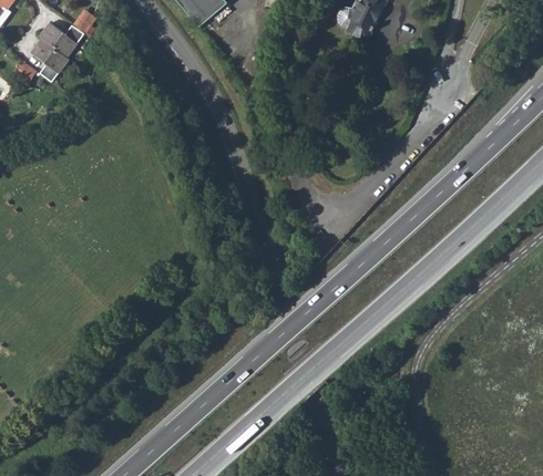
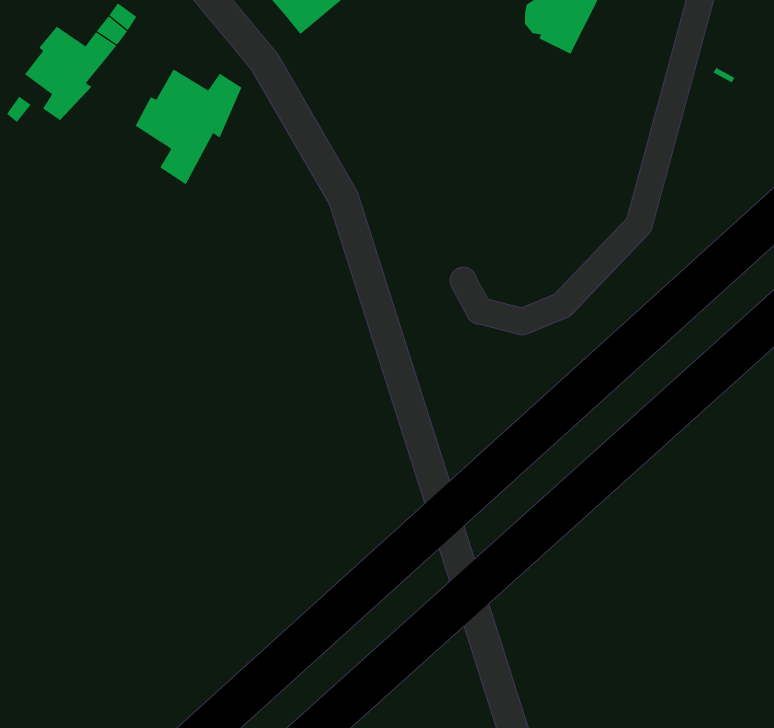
building: none -> [135,68,242,185]

